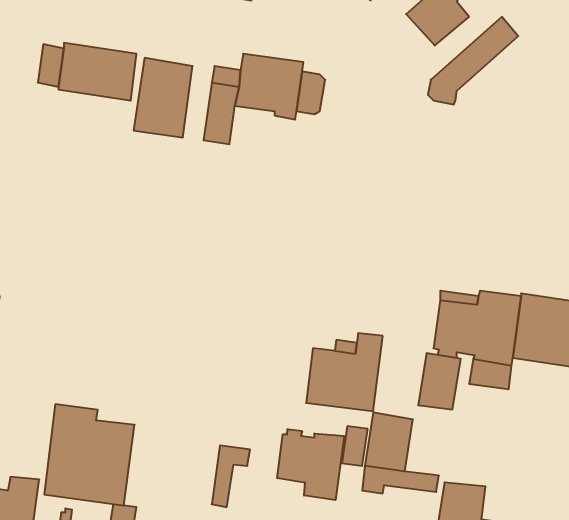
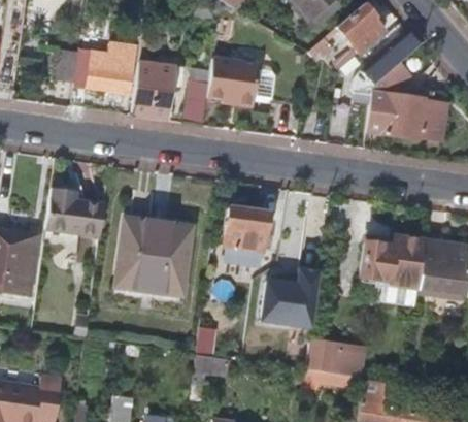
building: none -> [368,93,447,140]
building: none -> [45,186,105,235]
building: none -> [223,207,269,263]
building: [418,353,461,409] -> [336,333,368,376]
building: [44,404,135,506] -> [120,224,188,300]
building: [277,429,344,500] -> none

